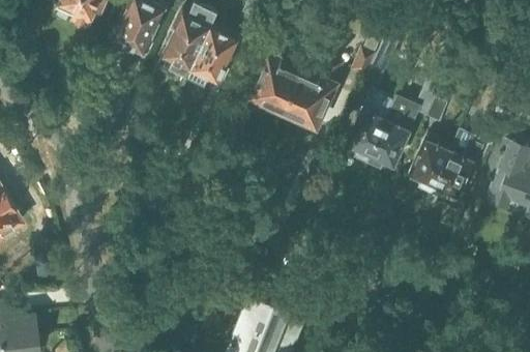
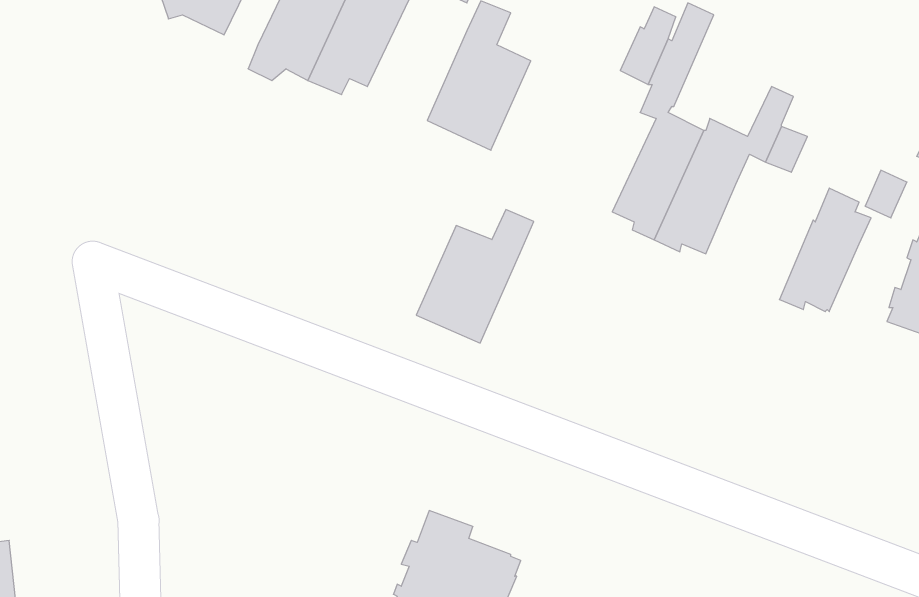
building: [283,58,344,127] -> [416,210,534,343]
building: [411,139,450,190] -> none

